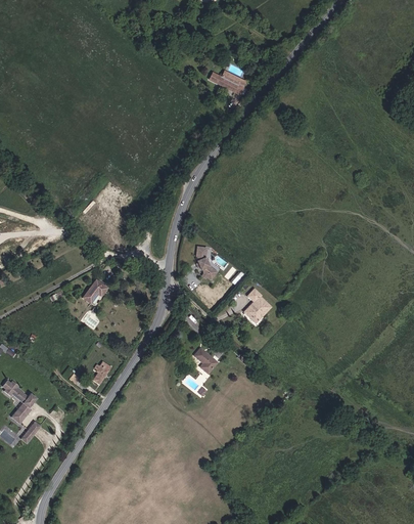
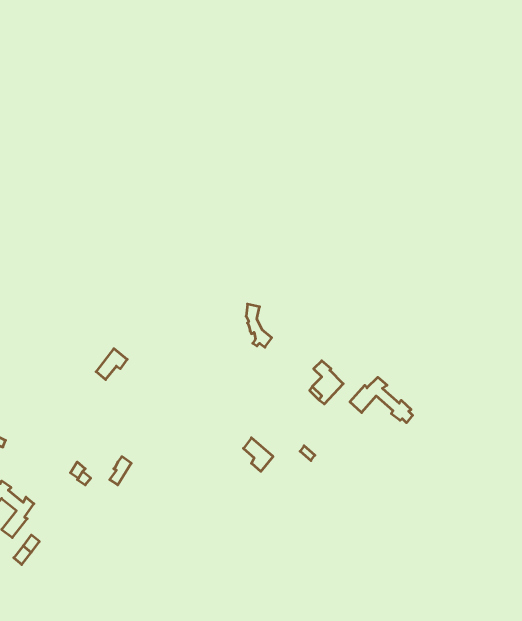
building: [209,71,245,93] -> none
building: none -> [350,377,413,423]

